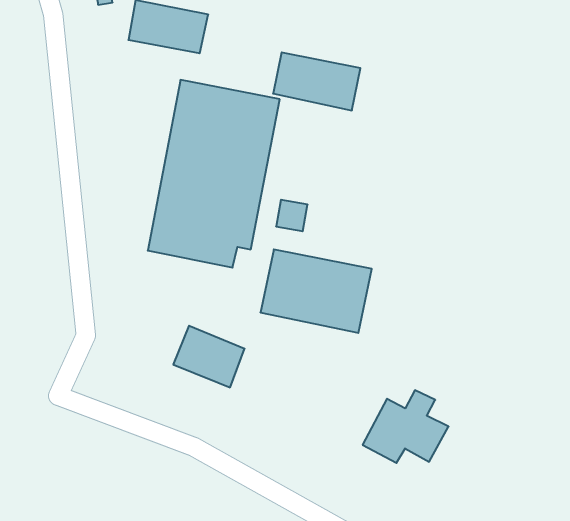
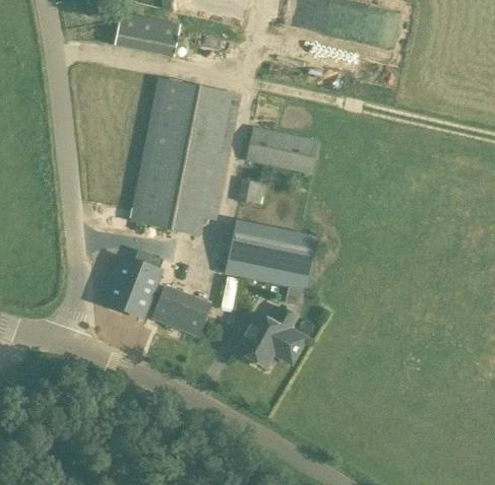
building: [273,52,360,110] -> [246,126,319,175]
building: none -> [108,253,163,313]
building: [363,390,449,463] -> [237,305,309,366]

